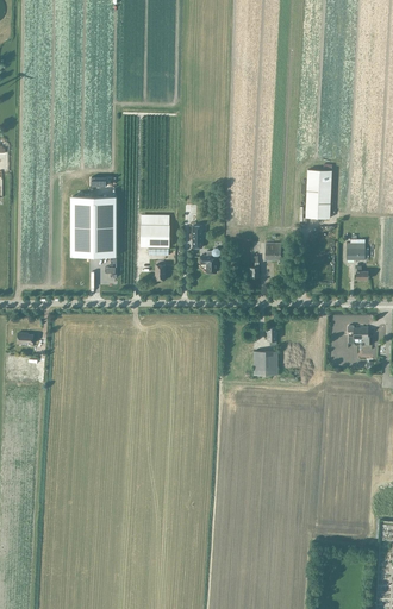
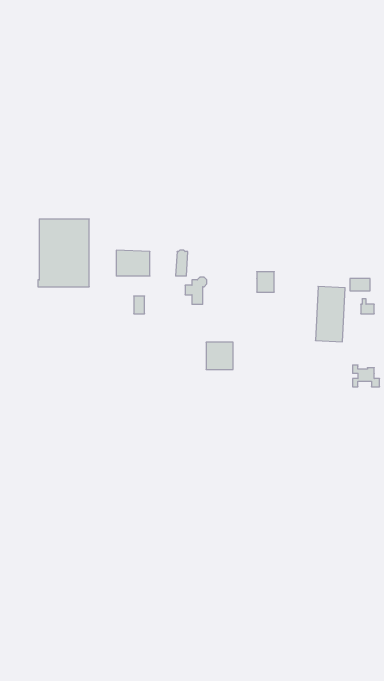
building: [306,170,332,219] -> [315,286,345,342]
building: [254,351,277,375] -> [206,342,233,369]

